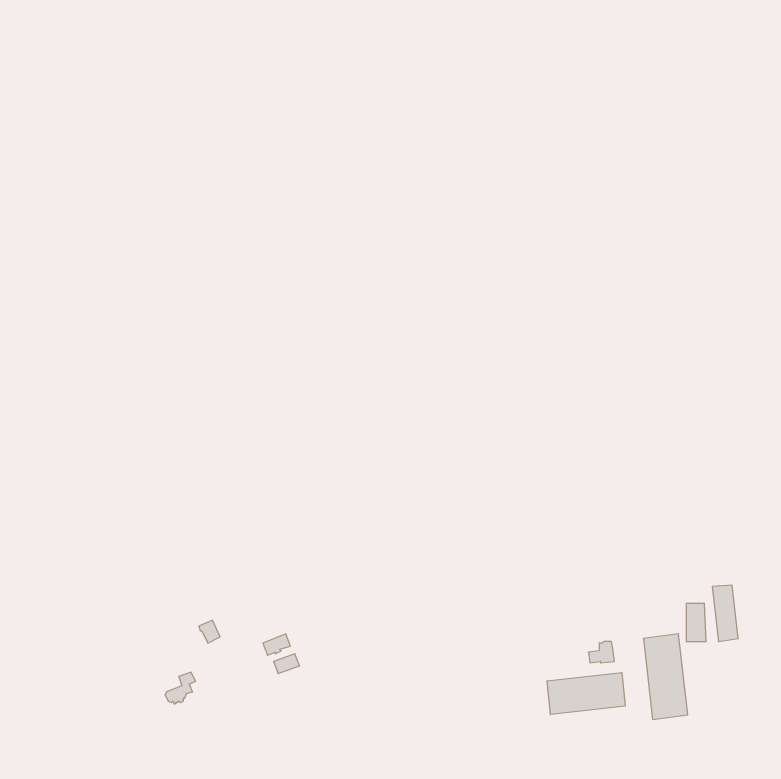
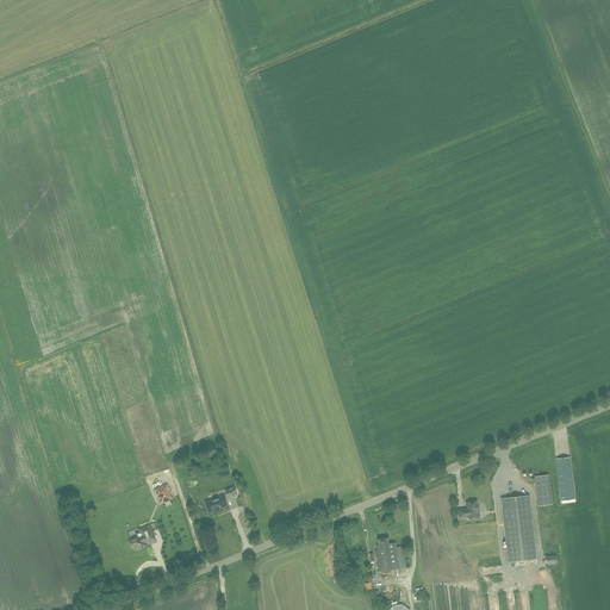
building: [547,672,625,715] -> none
building: none -> [375,537,399,571]

